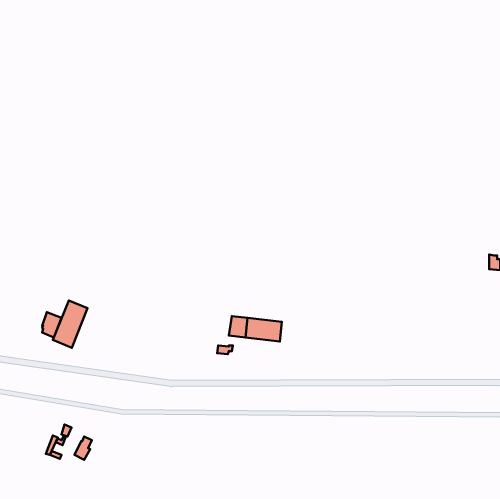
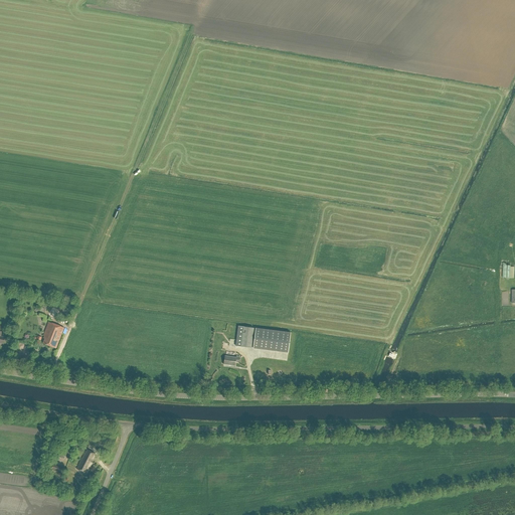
building: [53,300,87,348] -> none

